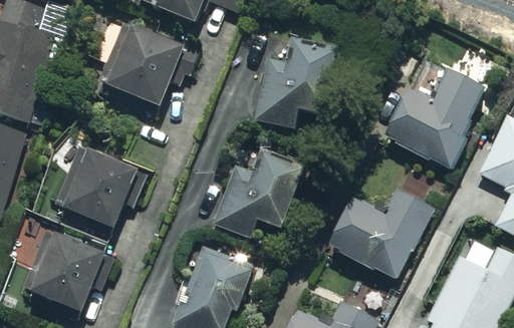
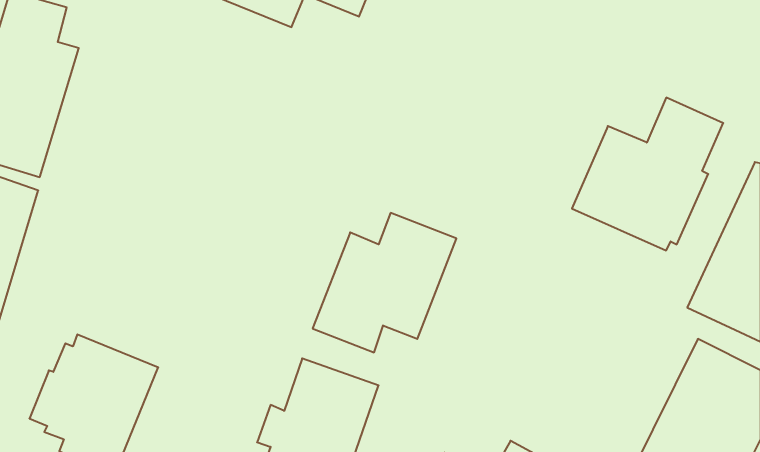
building: [102,22,201,106] -> none
building: [256,40,337,126] -> none
building: [55,144,139,235] -> none
building: [327,180,427,279] -> none

